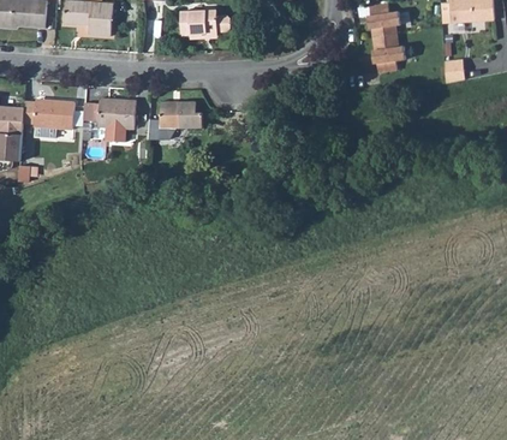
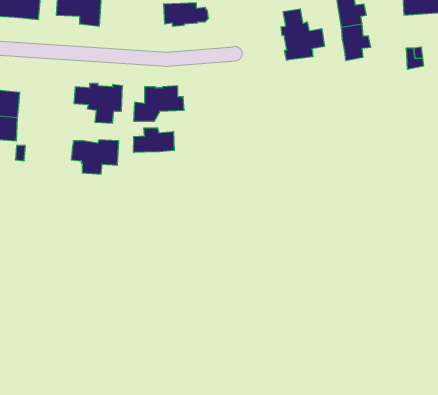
building: none -> [281,9,325,60]
building: [22,101,73,138] -> [71,140,119,174]
building: none -> [134,128,174,153]

